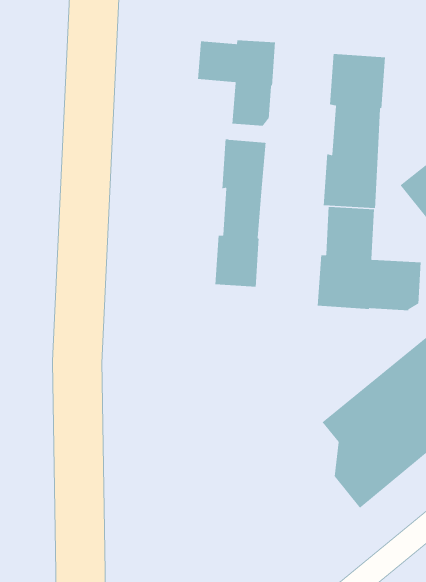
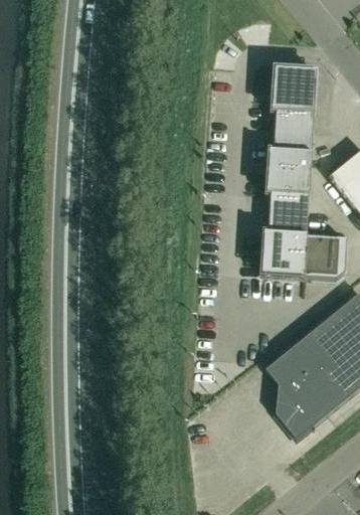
building: [197,39,276,127] -> none
building: [214,138,266,287] -> none

